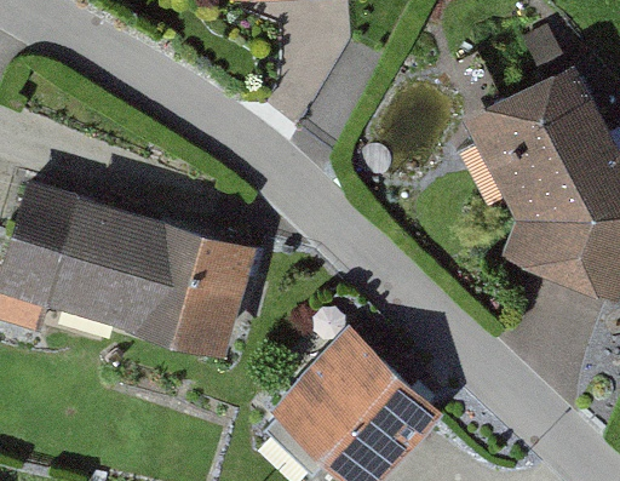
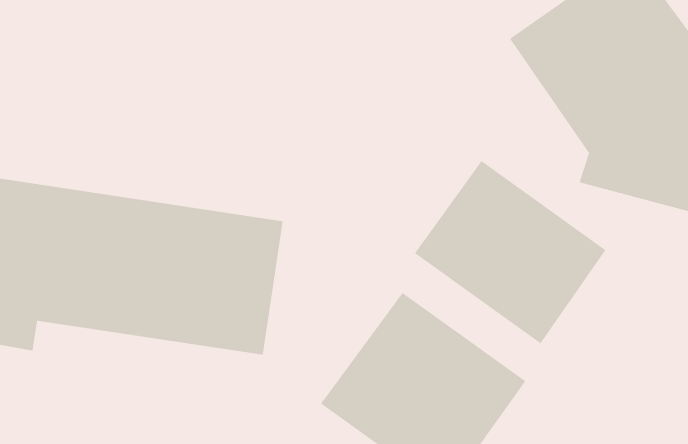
building: none -> [414,160,606,344]

